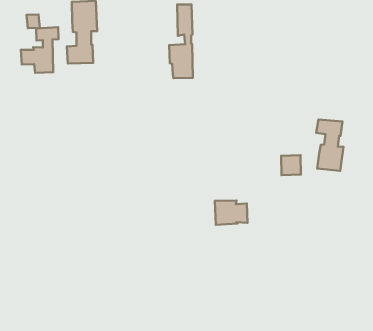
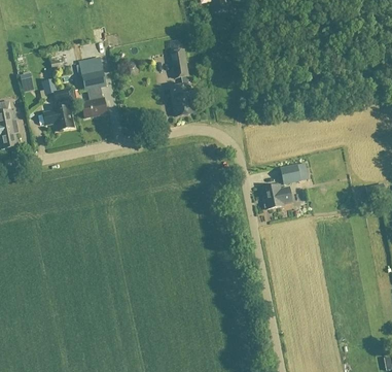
building: [316,119,344,171] -> none
building: [215,201,247,225] -> [260,183,291,207]

